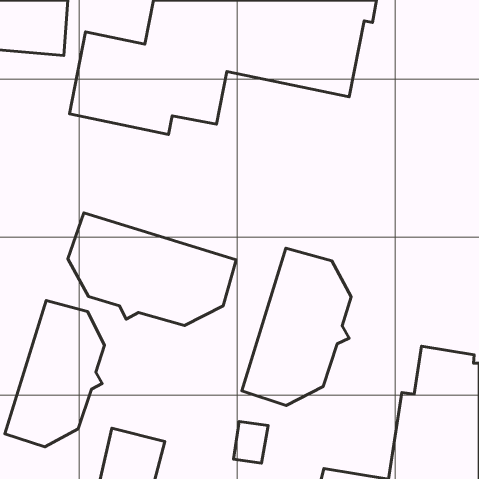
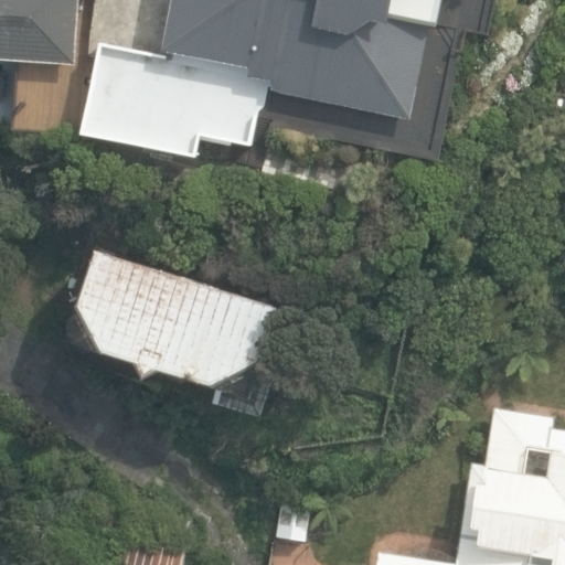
building: [242,248,351,406] -> none
building: [5,300,104,447] -> none

